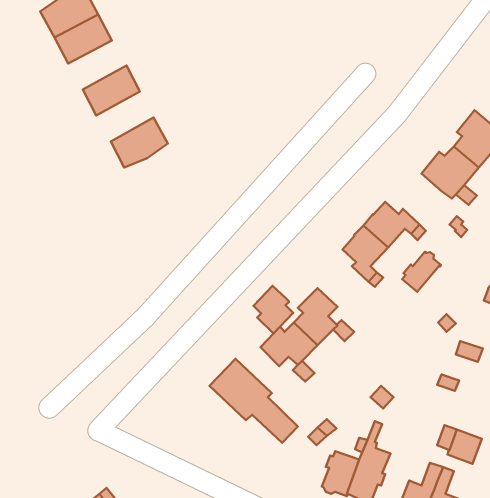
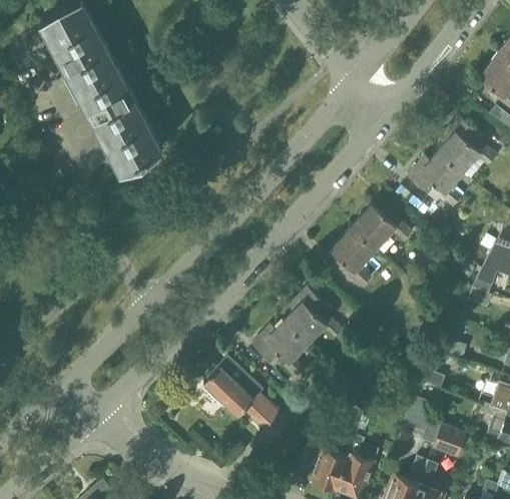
building: none -> [66,51,122,98]
building: none -> [93,100,148,148]
building: [402,252,441,292] -> none
building: [253,286,293,333] -> none

